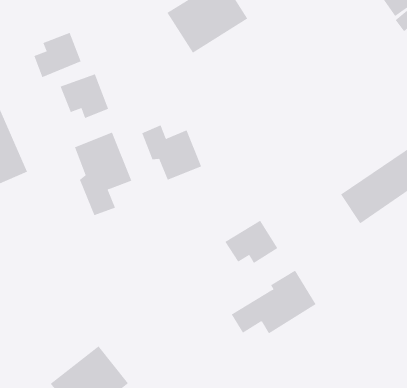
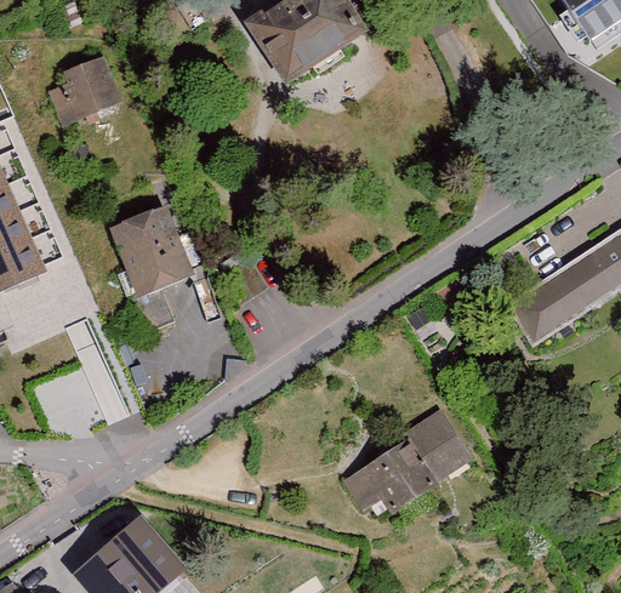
building: [60,73,109,119] -> none
building: [142,125,202,180] -> none
building: [224,220,278,264] -> none

